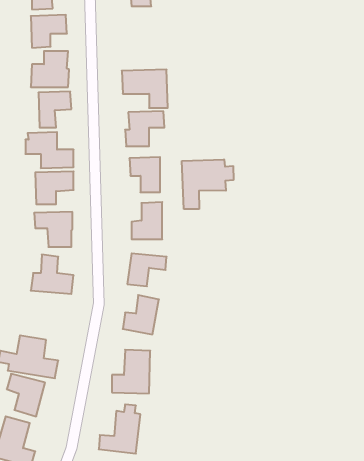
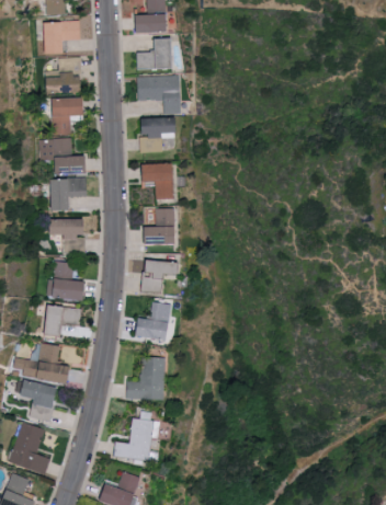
building: none -> [136,14,167,33]
building: none -> [135,38,172,69]
building: [182,159,233,209] -> none
building: none -> [45,305,81,336]

